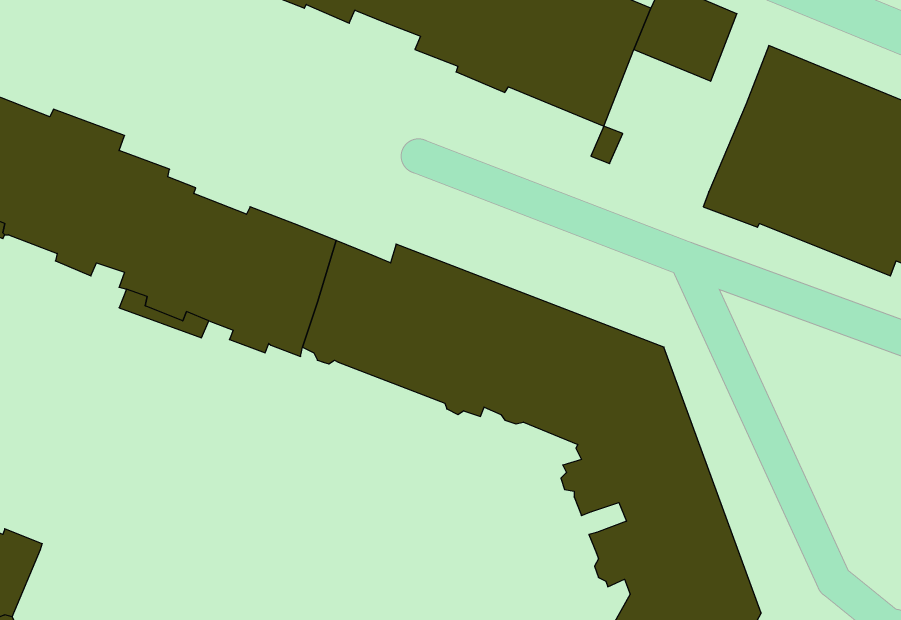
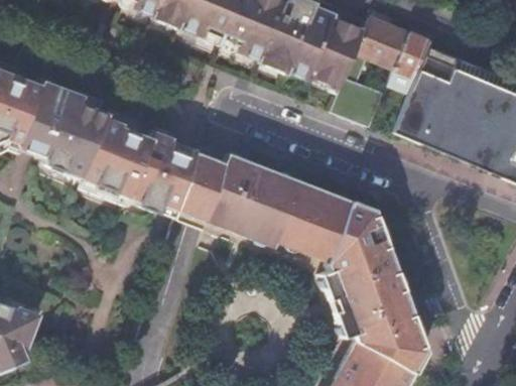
building: none -> [399,30,433,79]

